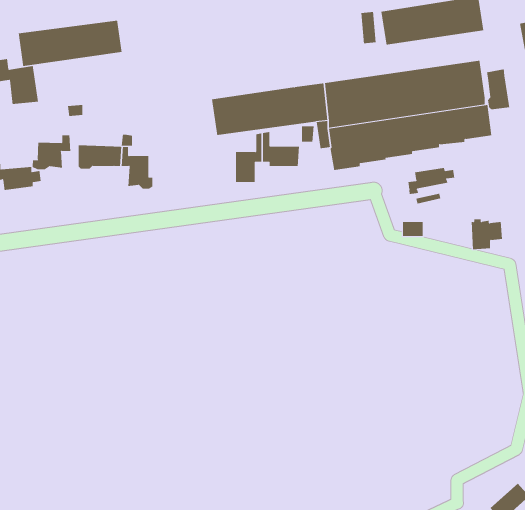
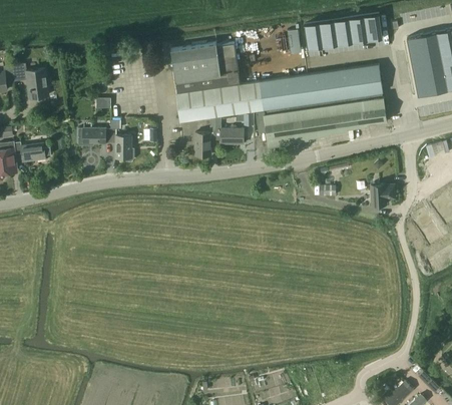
building: [18,20,122,67] -> none
building: none -> [171,42,240,93]
building: [487,69,510,110] -> none
building: [32,135,71,170] -> none
building: [408,167,455,195] -> none

